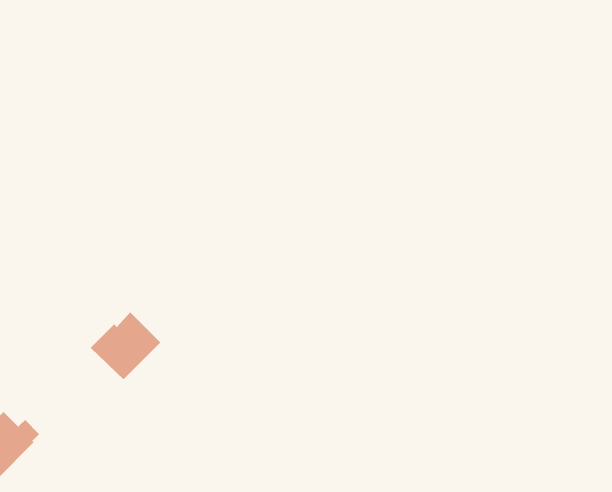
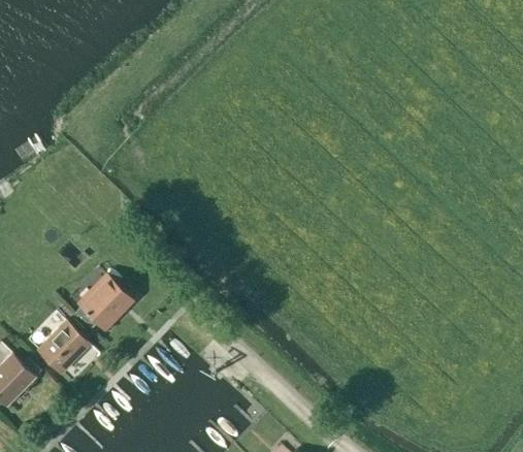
building: none -> [38,321,90,374]

